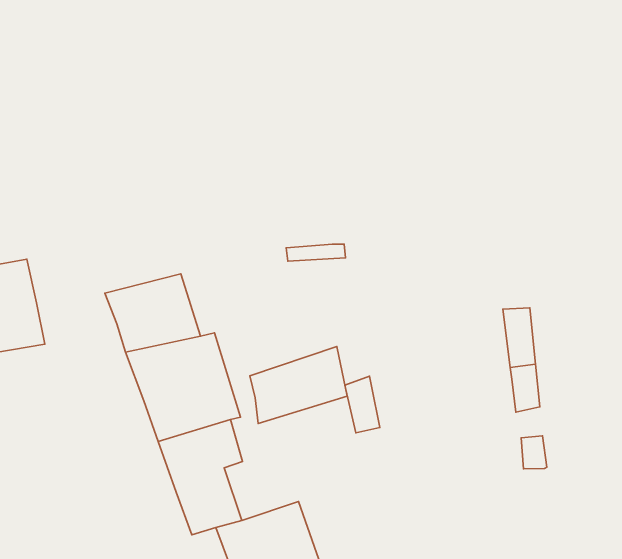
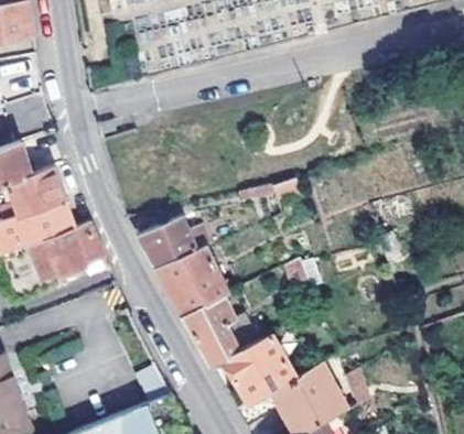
building: [250,347,347,423] -> none

